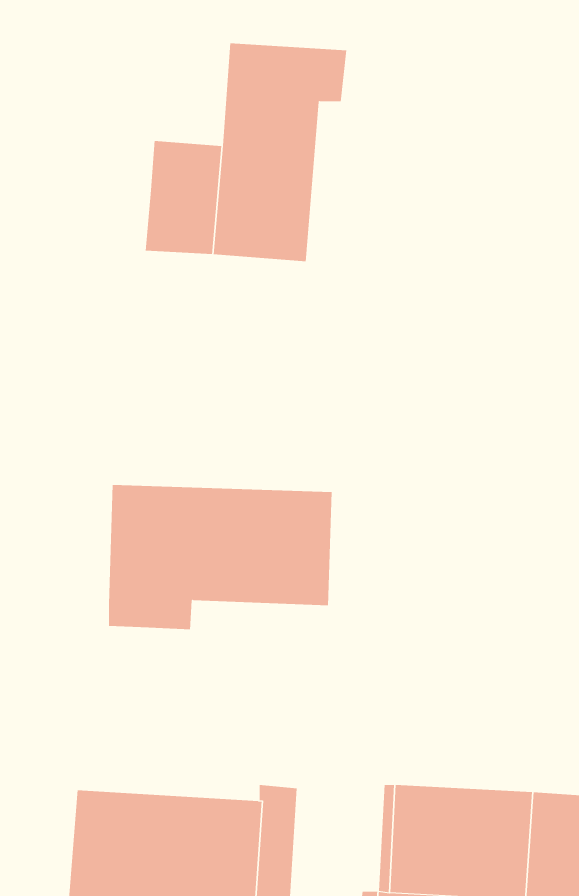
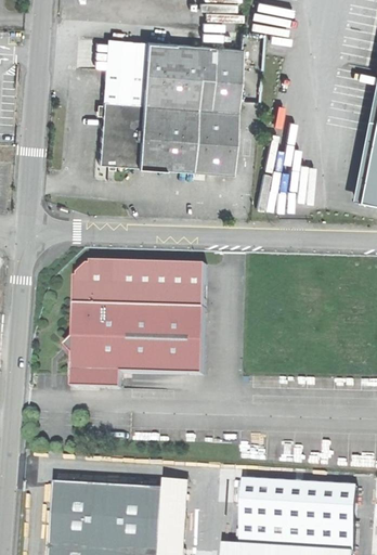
building: none -> [102,39,146,103]
building: none -> [192,47,239,173]
building: none -> [77,260,208,307]

